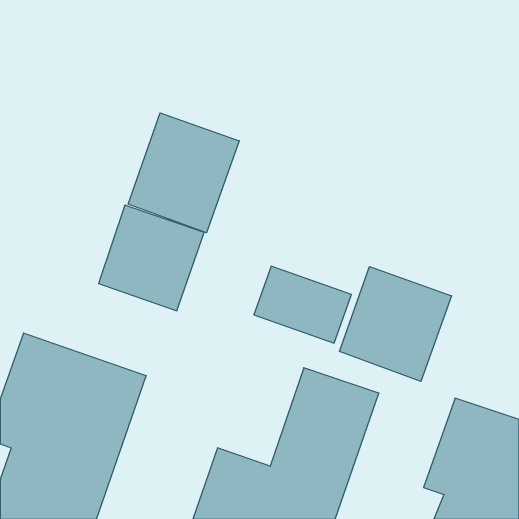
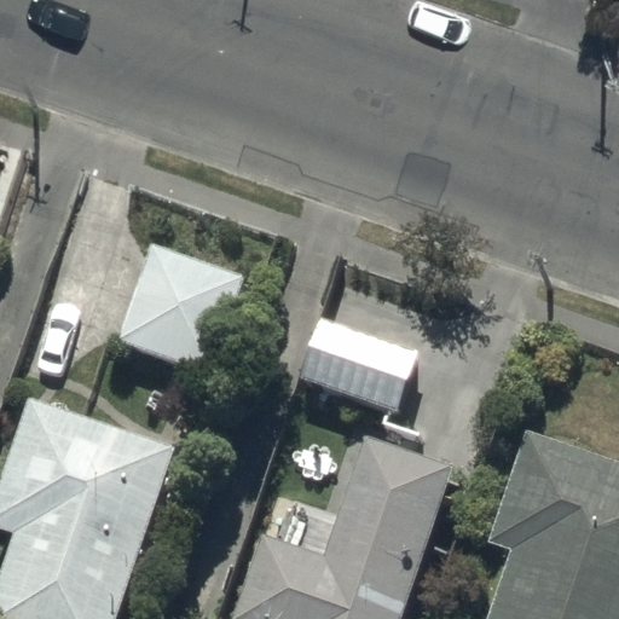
building: [128,113,239,233] -> none
building: [340,267,452,381] -> none

